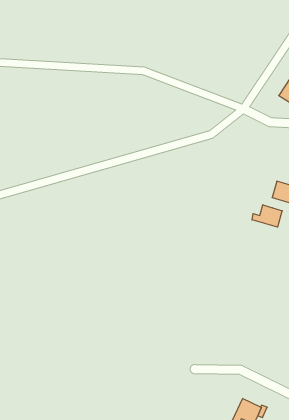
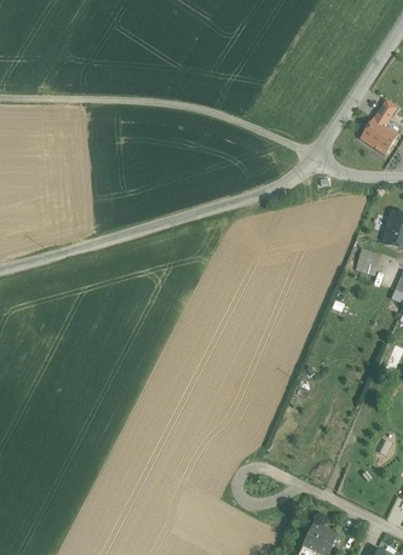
building: [252,205,282,227] -> none

